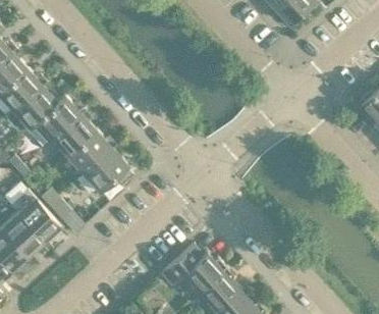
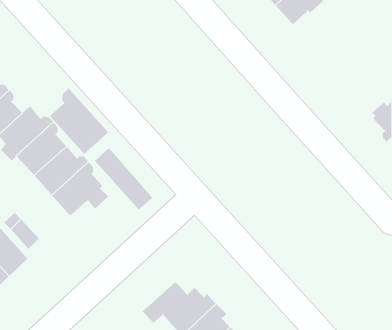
building: none -> [49,88,108,154]
building: none -> [94,147,154,210]

